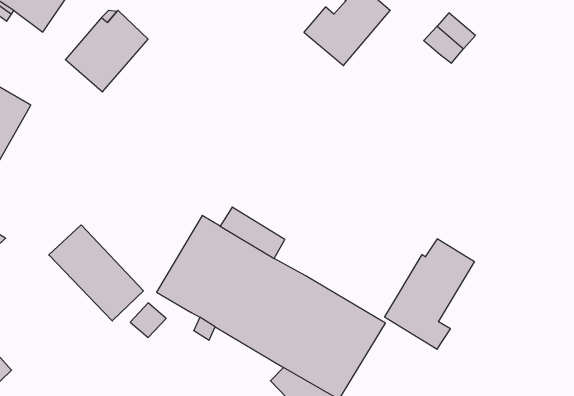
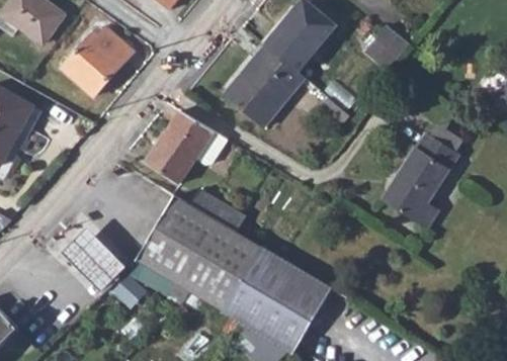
building: none -> [223,44,304,127]
building: none -> [148,111,227,186]
building: [385,239,474,349] -> [382,136,457,229]

